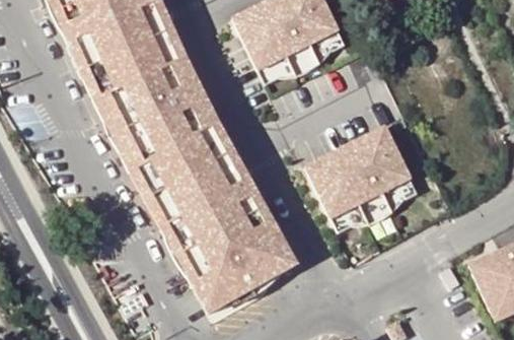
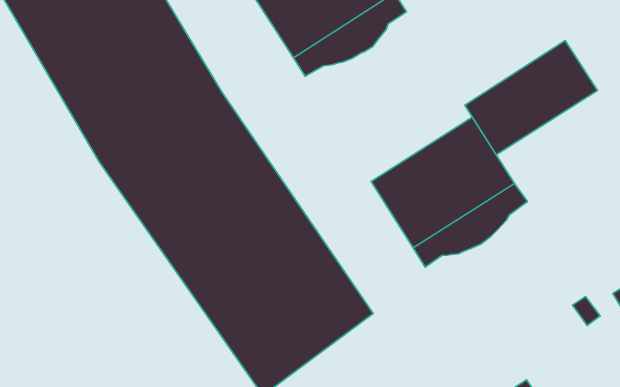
building: none -> [465,41,597,155]

